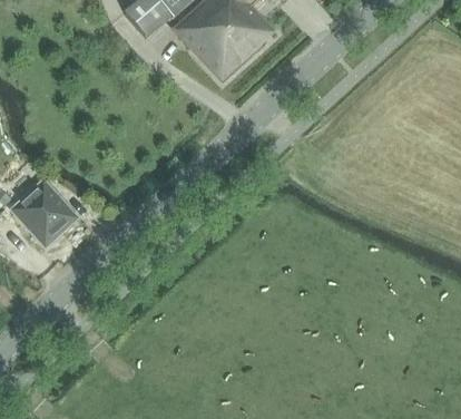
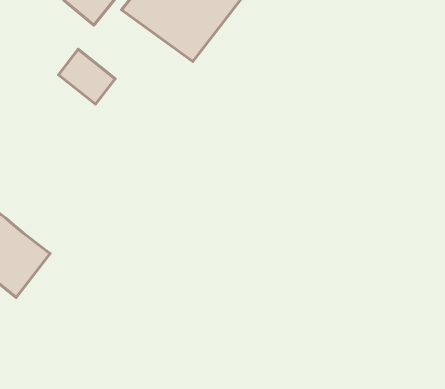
building: none -> [58,49,115,104]

